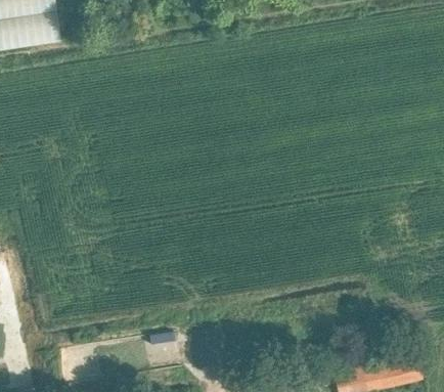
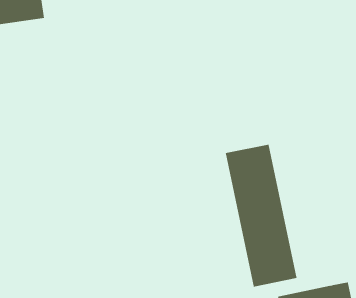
building: none -> [225,144,297,287]

